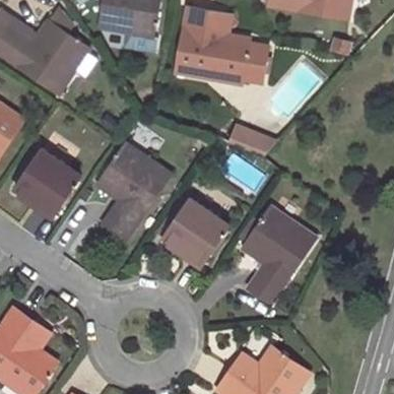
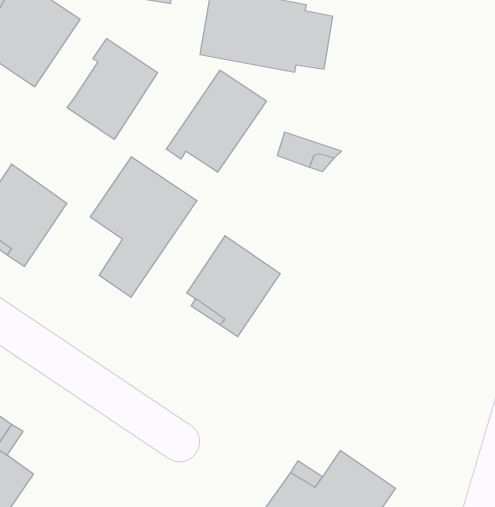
building: none -> [67,39,157,139]
building: none -> [166,70,266,172]
building: [241,206,316,305] -> none

